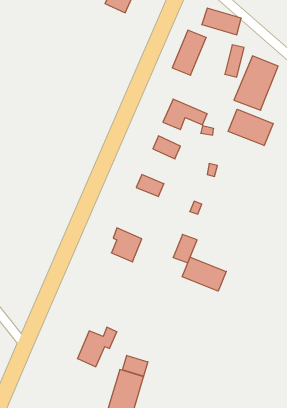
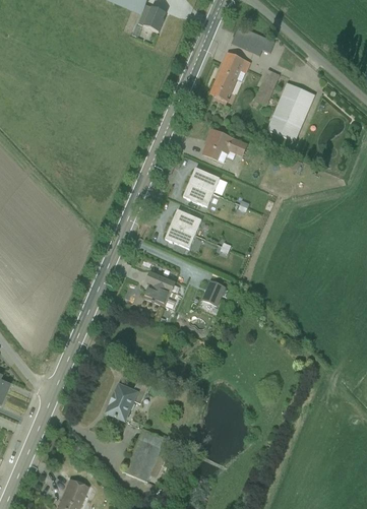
building: [228,109,273,146] -> none
building: none -> [181,183,211,208]
building: none -> [163,226,193,251]
building: [182,257,226,291] -> none
building: [122,355,148,376] -> none

